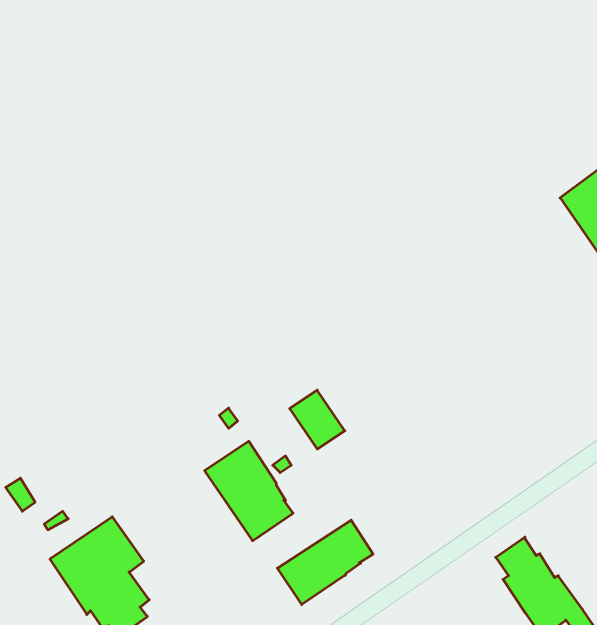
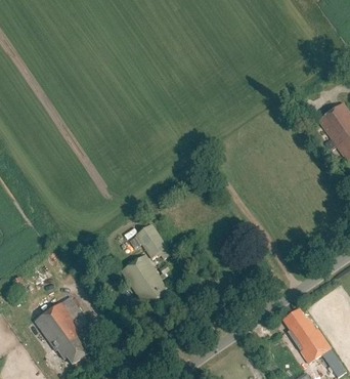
building: [290,390,345,449] -> [136,223,167,256]
building: [277,520,373,605] -> none

